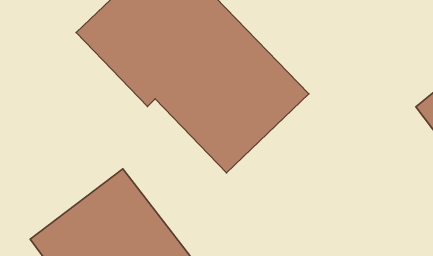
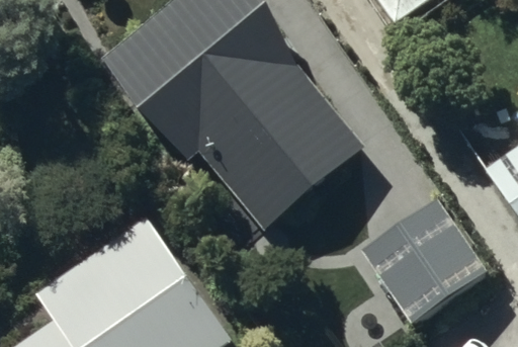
building: none -> [360,194,489,322]

